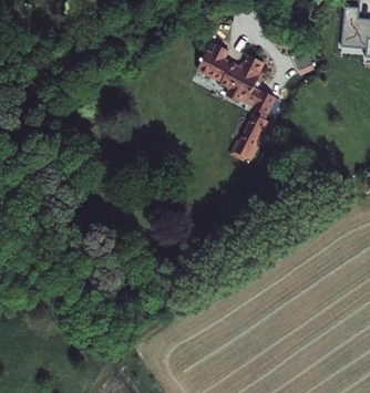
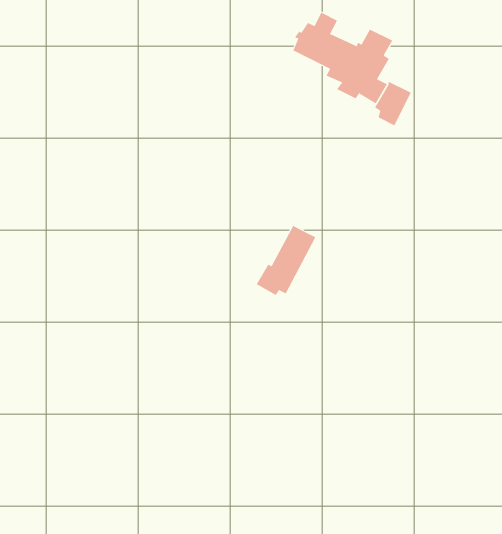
building: [228,112,268,158] -> [256,225,316,296]

